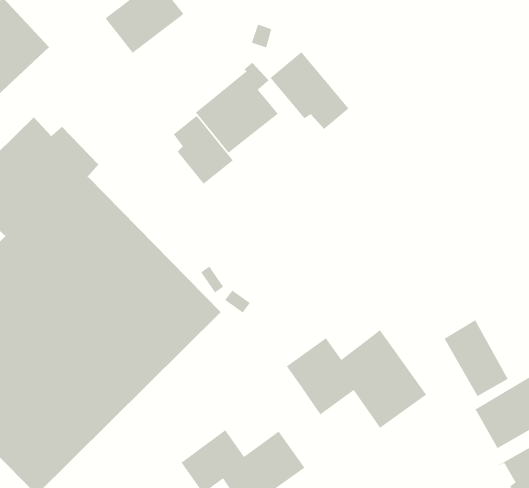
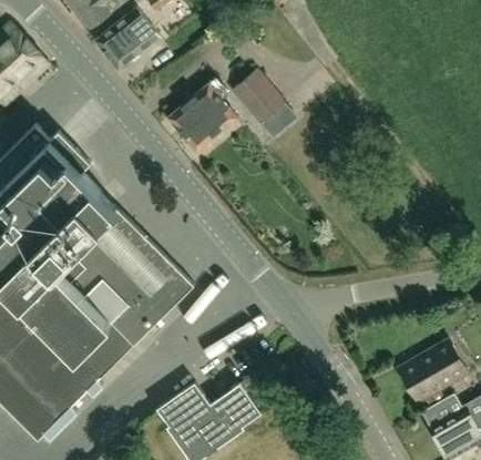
building: [173,115,234,185] -> none
building: [444,319,509,397] -> none
building: [286,329,427,429] -> none

